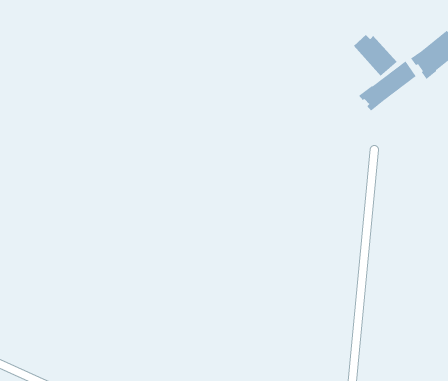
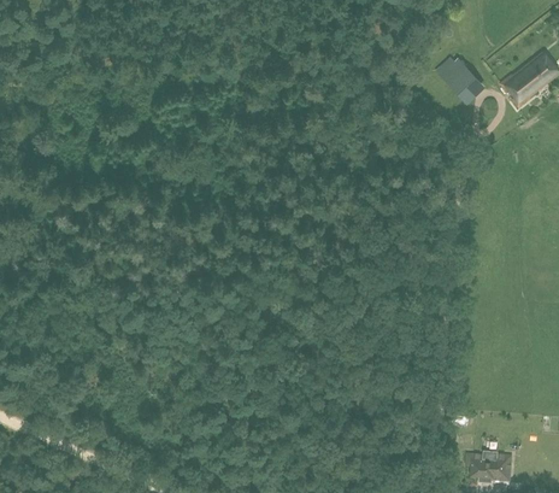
building: [358,61,416,112] -> none

